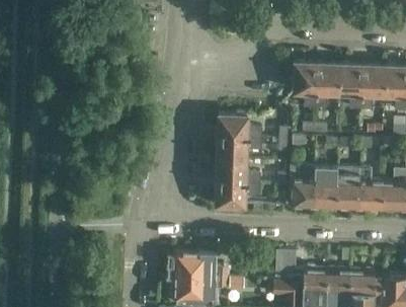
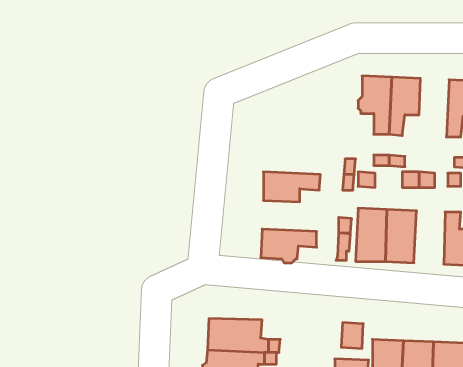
building: [339,63,362,108] -> none
building: [218,111,262,138] -> none
building: [217,158,260,182] -> none
building: [335,166,359,208] -> none

